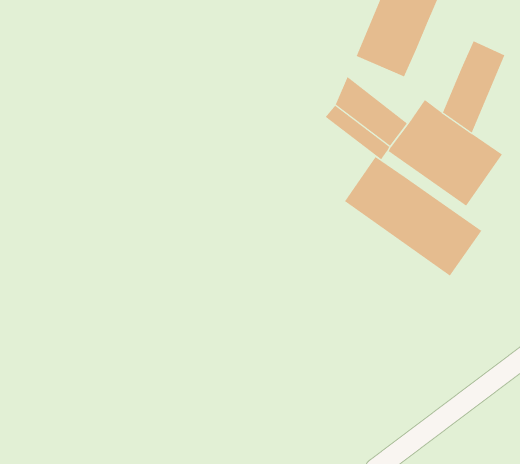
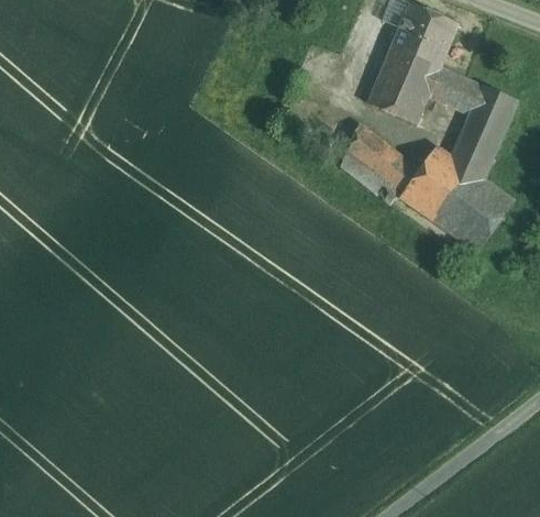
building: none -> [428,66,484,113]
building: [344,156,482,277] -> none

